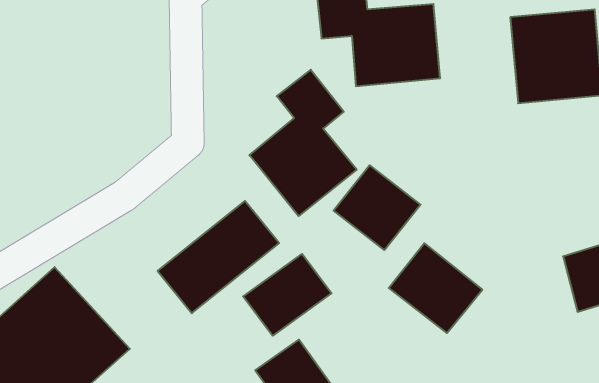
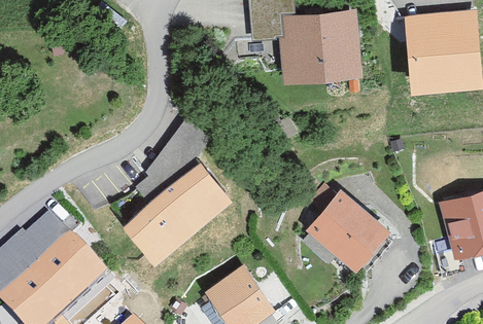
building: [249,70,357,216] -> none
building: [334,165,421,250] -> none
building: [243,254,332,336] -> none

